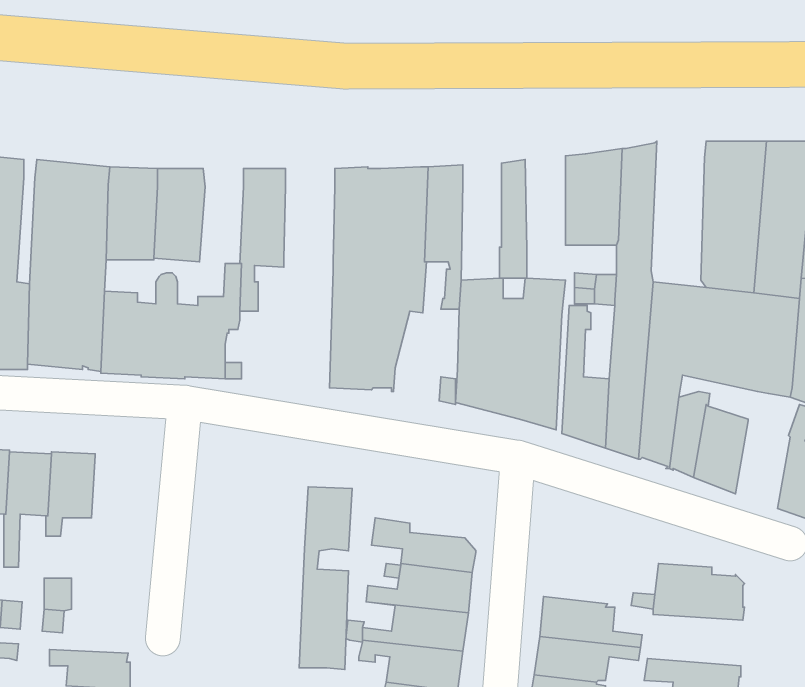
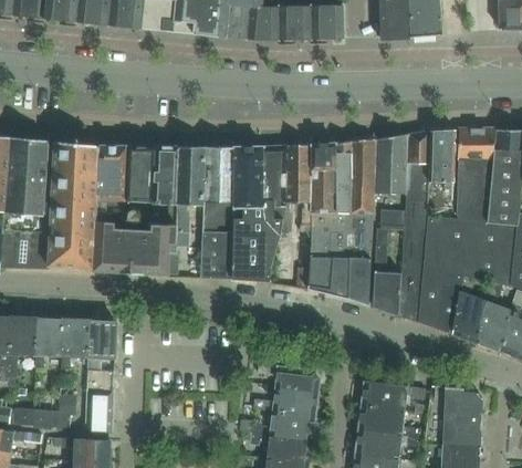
building: none -> [426,131,455,209]
building: none -> [349,139,374,215]
building: none -> [311,144,335,215]
building: none -> [153,147,179,205]
building: none -> [200,147,234,280]
building: none -> [477,282,510,353]
building: [299,487,352,670] -> [84,321,116,431]
building: none -> [361,381,425,410]
building: none -> [424,417,481,448]

